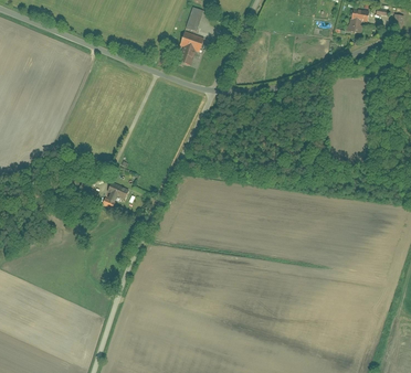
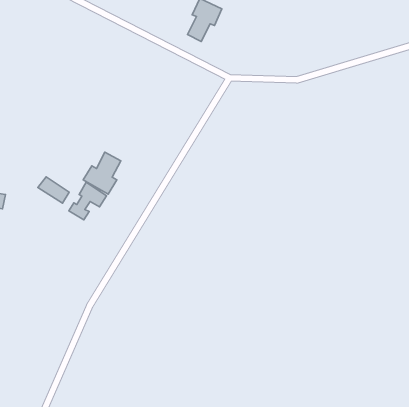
building: none -> [83,152,121,194]

